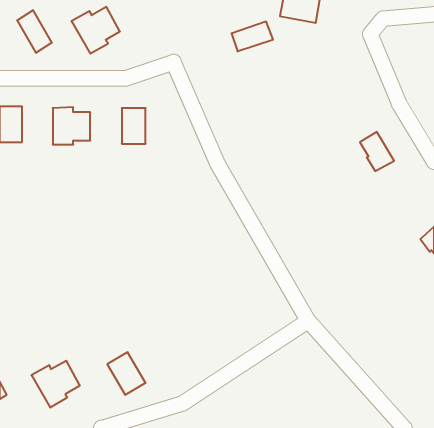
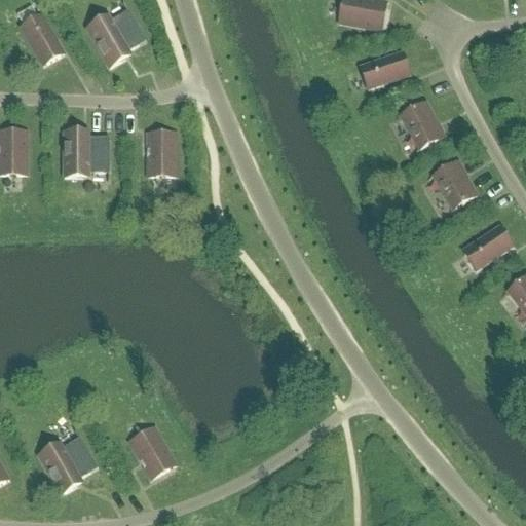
building: [231,22,273,51] -> [360,50,410,86]
building: none -> [402,100,443,146]
building: none -> [462,224,513,268]

